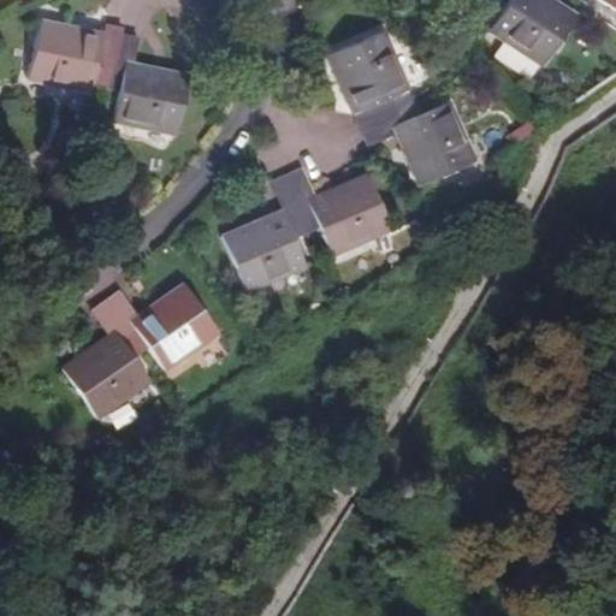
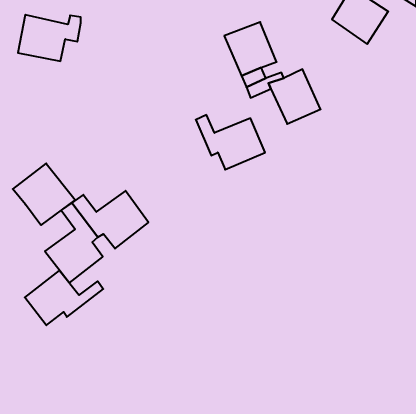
building: [107,34,186,134] -> none
building: [226,177,312,288] -> none
building: none -> [13,163,75,225]
building: none -> [25,271,103,325]

